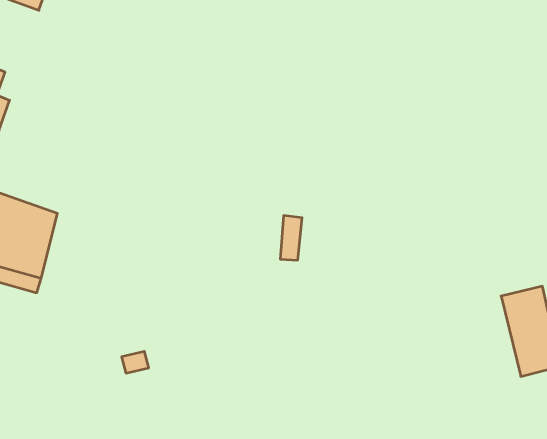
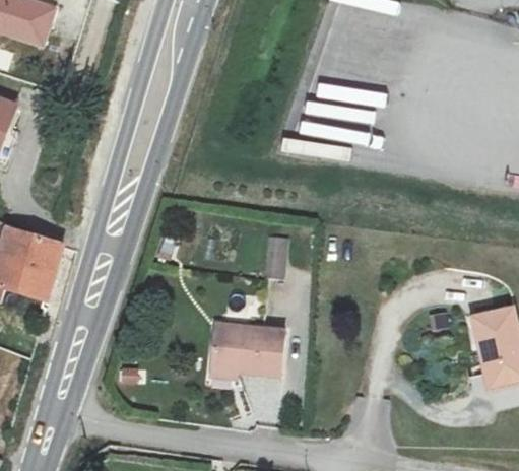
building: none -> [208,323,286,383]

